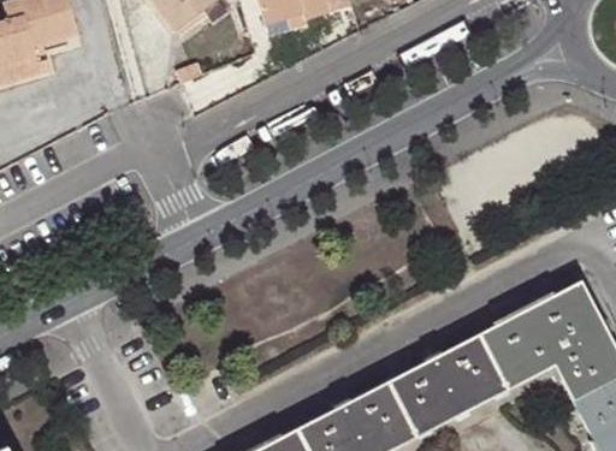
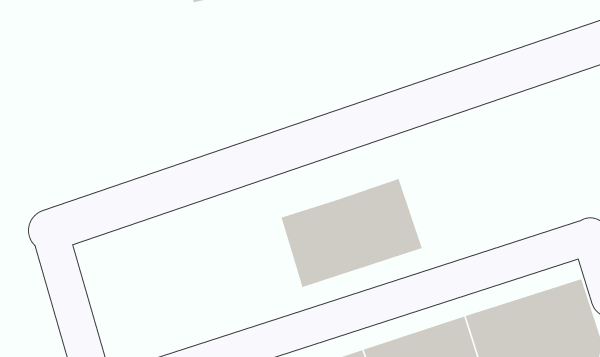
building: none -> [281,178,422,288]

